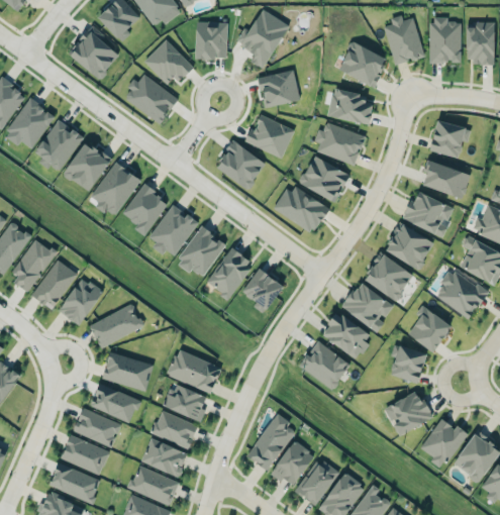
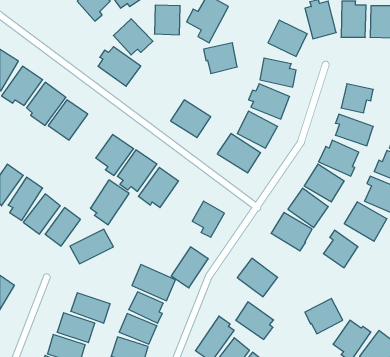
building: [68,25,119,80] -> none
building: [245,114,294,158] -> none
building: [91,162,139,218] -> [90,180,129,225]
building: [206,247,253,299] -> [171,247,208,288]
building: [321,312,369,359] -> [236,302,274,339]
building: [389,343,426,384] -> none
building: [102,353,152,390] -> none

